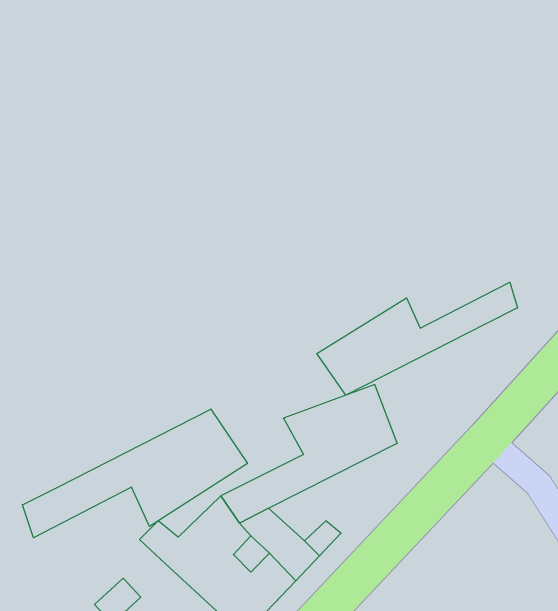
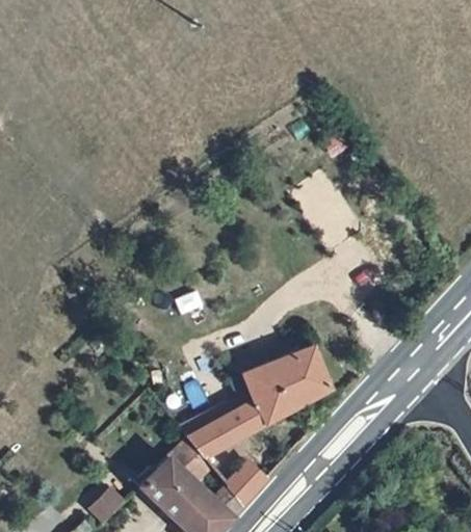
building: [317,282,518,395] -> none
building: [22,409,247,538] -> none

